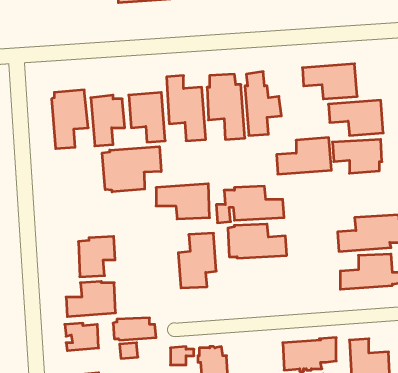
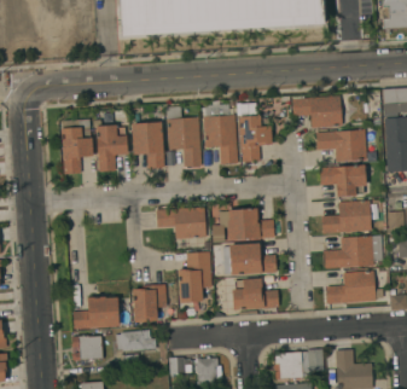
building: [277,138,331,174] -> [320,201,371,234]
building: [102,147,161,192] -> none
building: [78,236,115,277] -> [133,285,167,323]
building: none -> [232,279,279,310]

